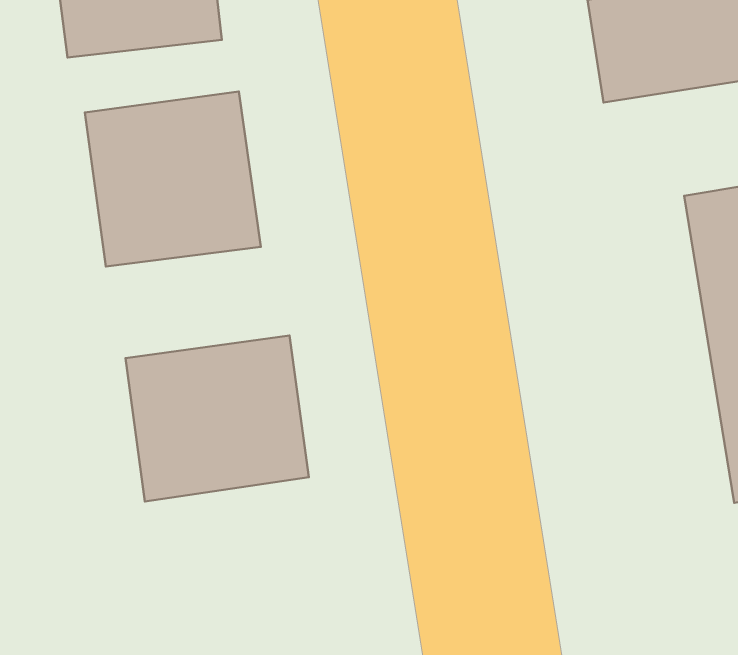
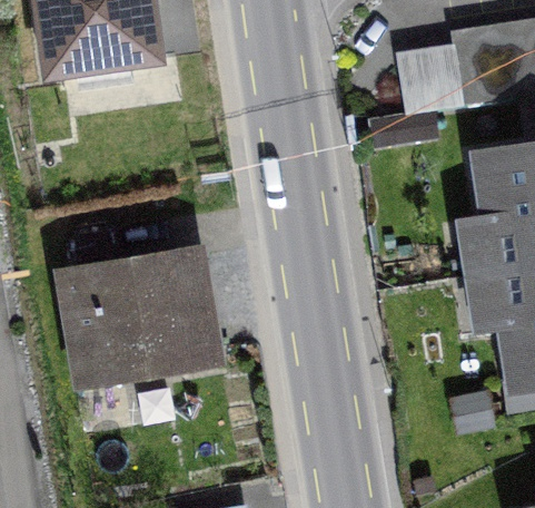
building: [85,91,261,266] -> none

